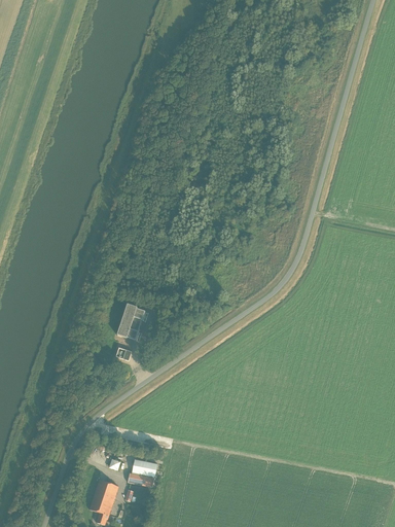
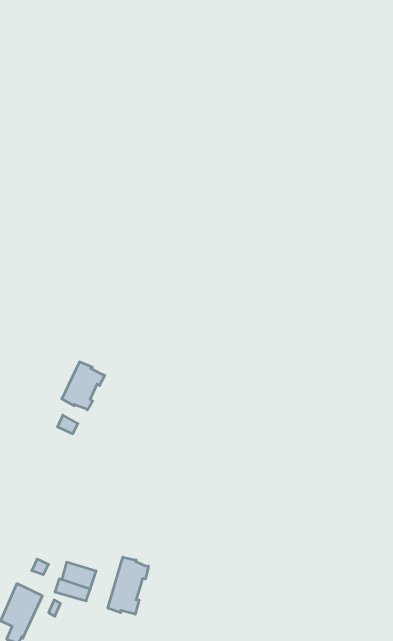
building: none -> [108,557,148,614]

